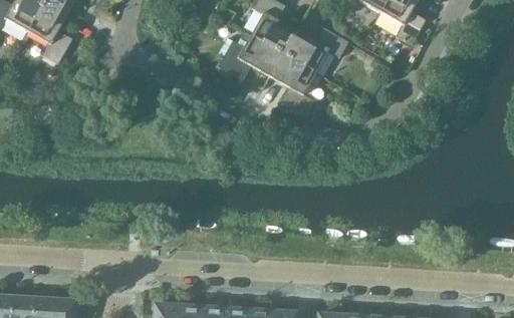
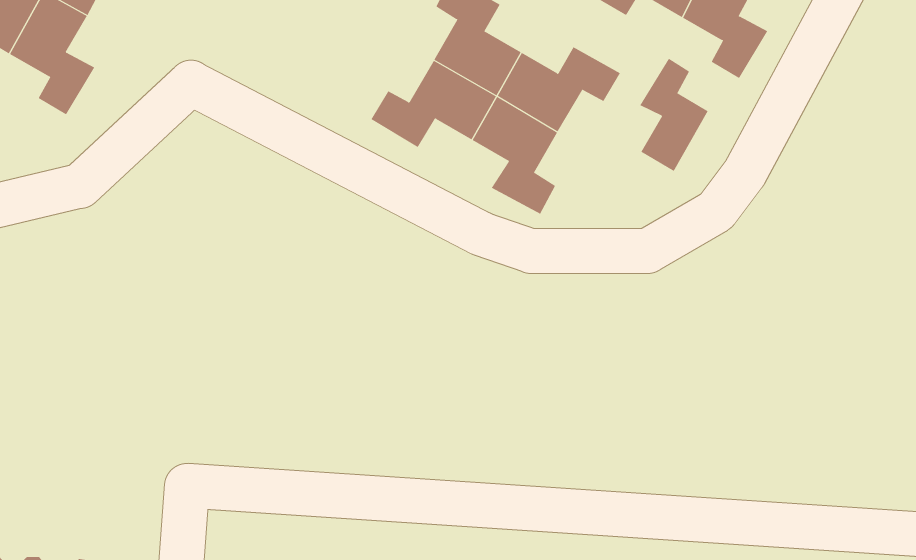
building: none -> [640,58,709,172]

